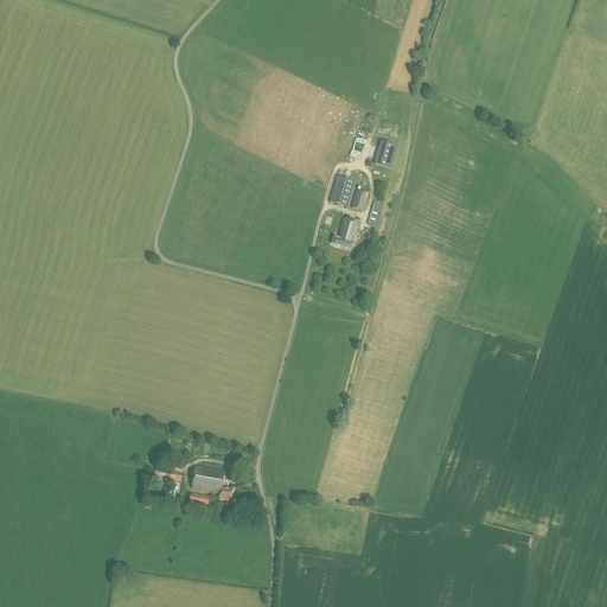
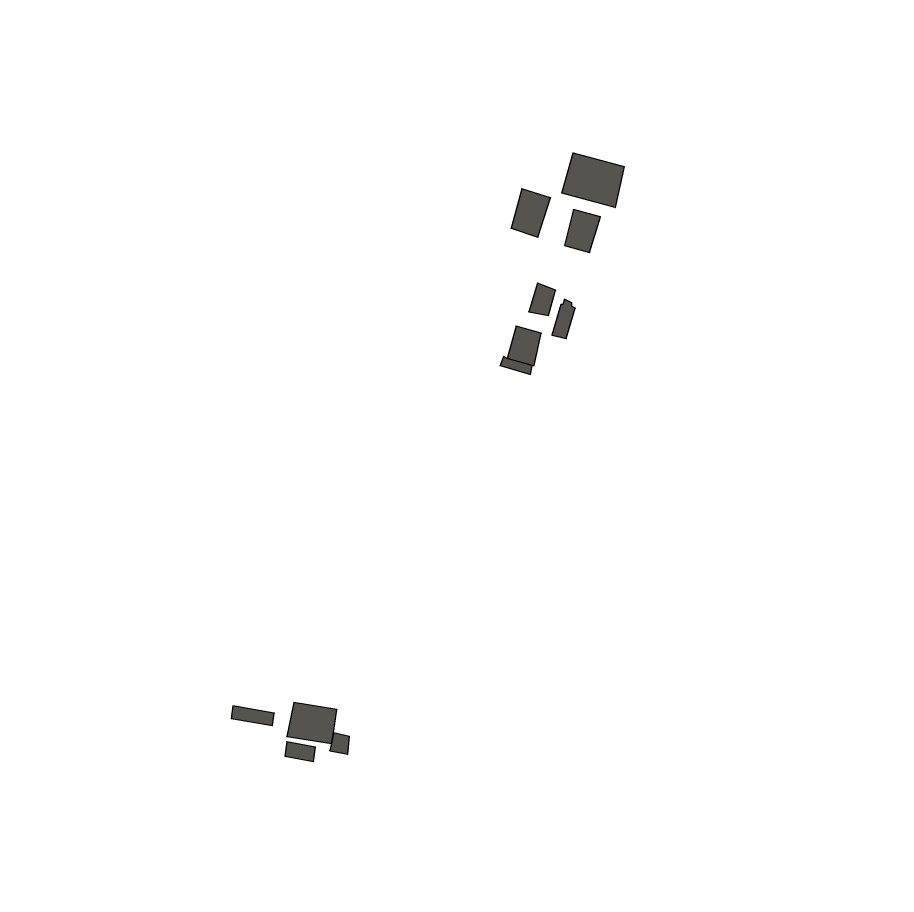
building: none -> [562,153,624,208]
building: [328,173,354,205] -> [511,189,551,237]

